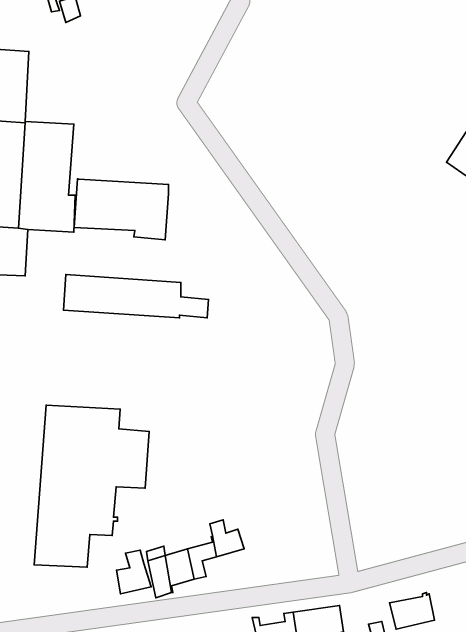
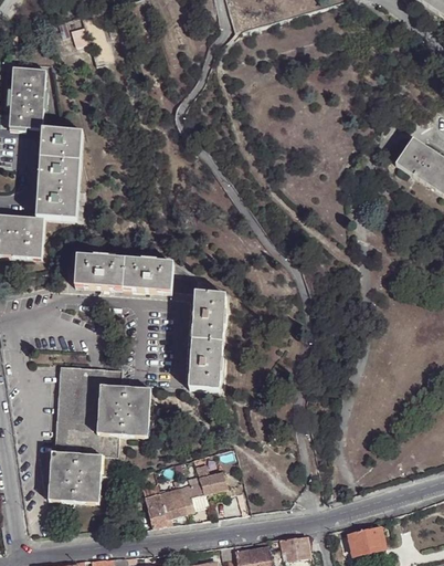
building: [74,179,168,240] -> none
building: none -> [188,292,225,389]
building: [116,550,151,594] -> none

